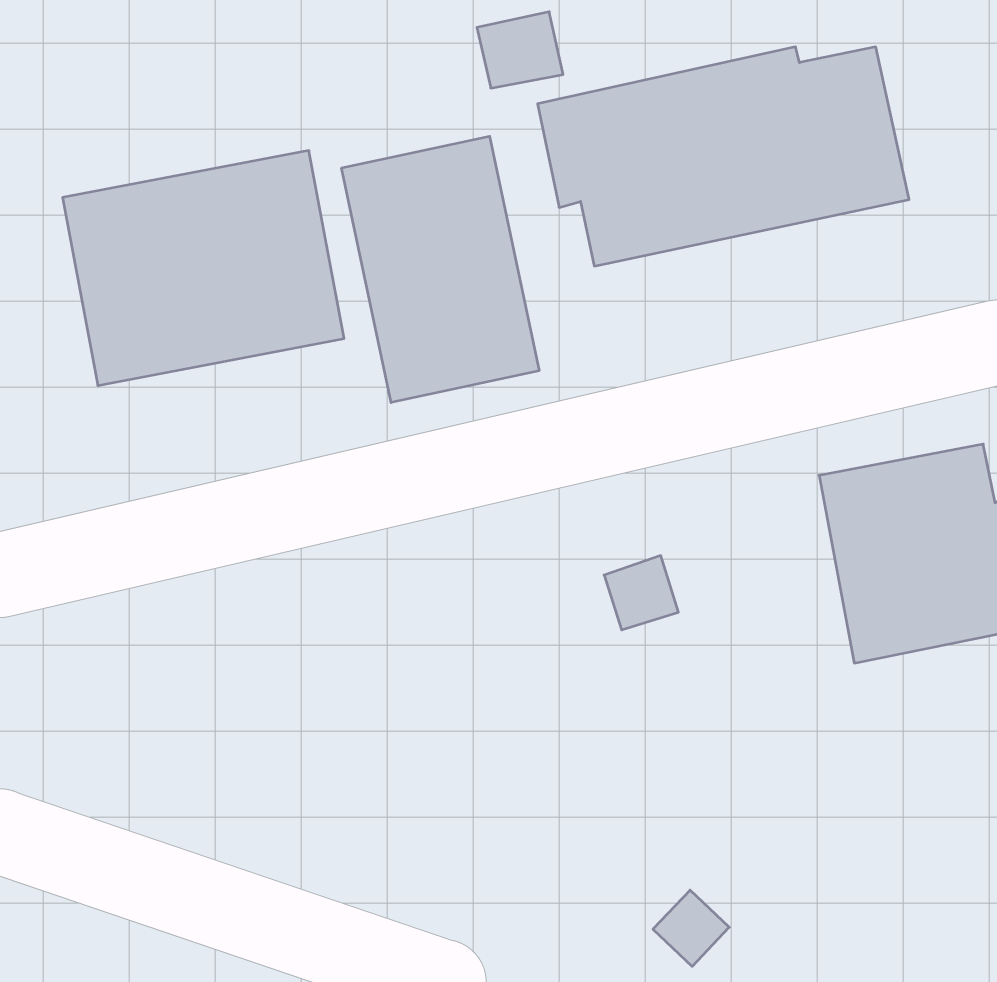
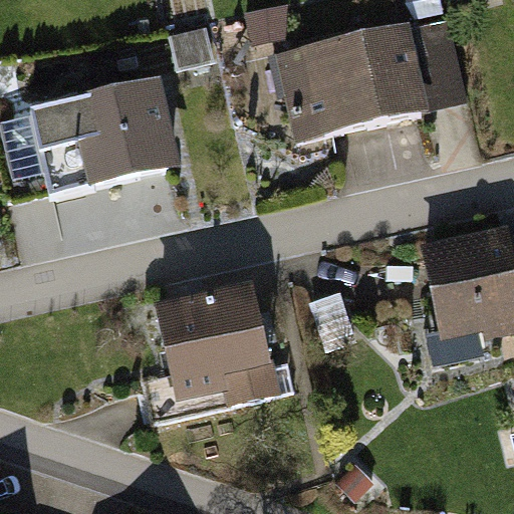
building: [342,136,539,403] -> none
building: none -> [153,277,279,400]

